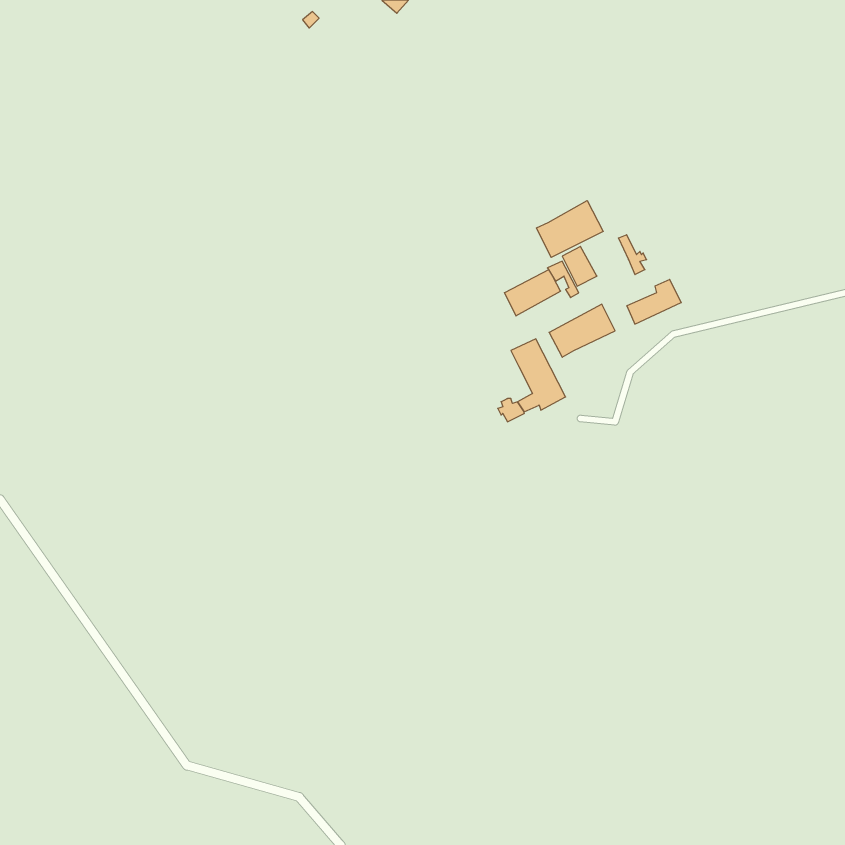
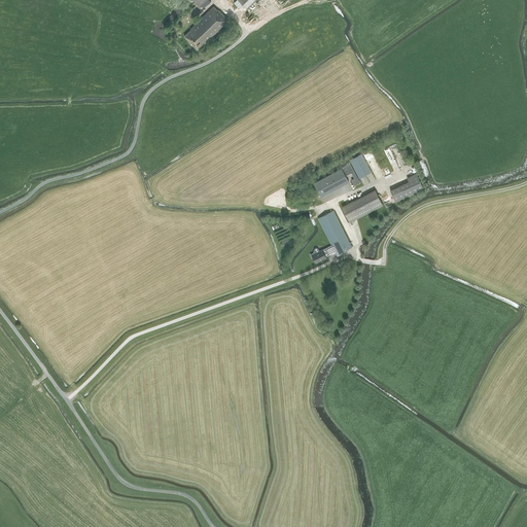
building: none -> [184,6,229,49]
building: [536,201,603,257] -> none

